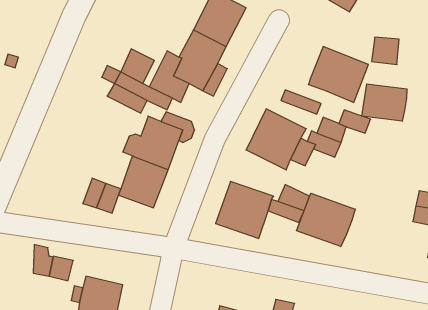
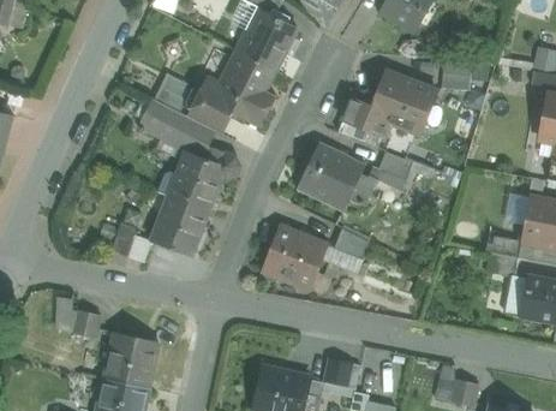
building: none -> [341,97,388,135]
building: [362,84,407,121] -> none
building: [297,193,355,247] -> none

